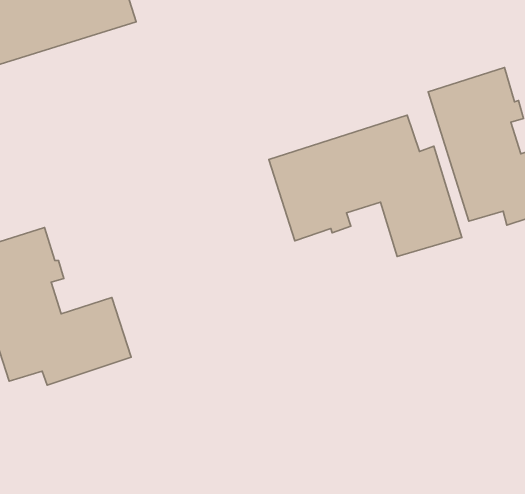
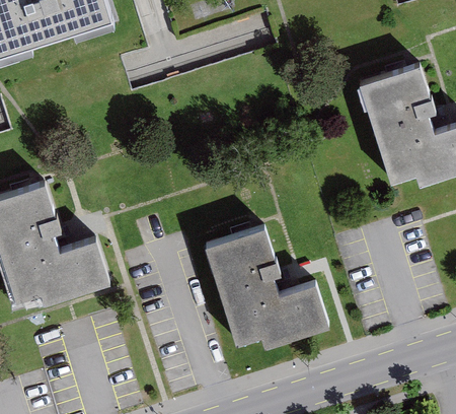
building: [269,115,462,257] -> none
building: none -> [200,224,330,350]

